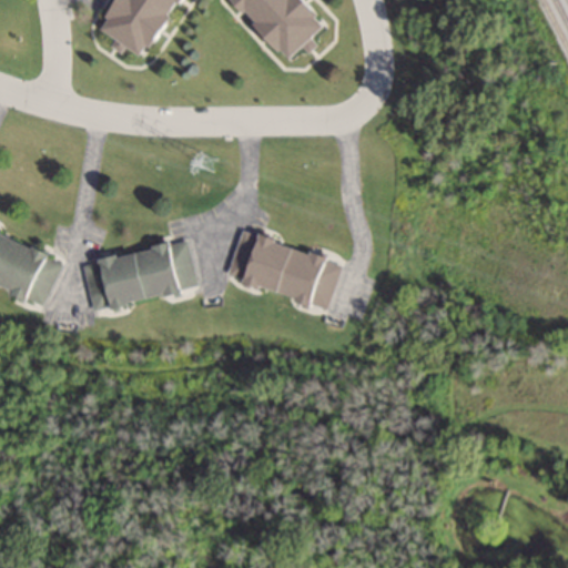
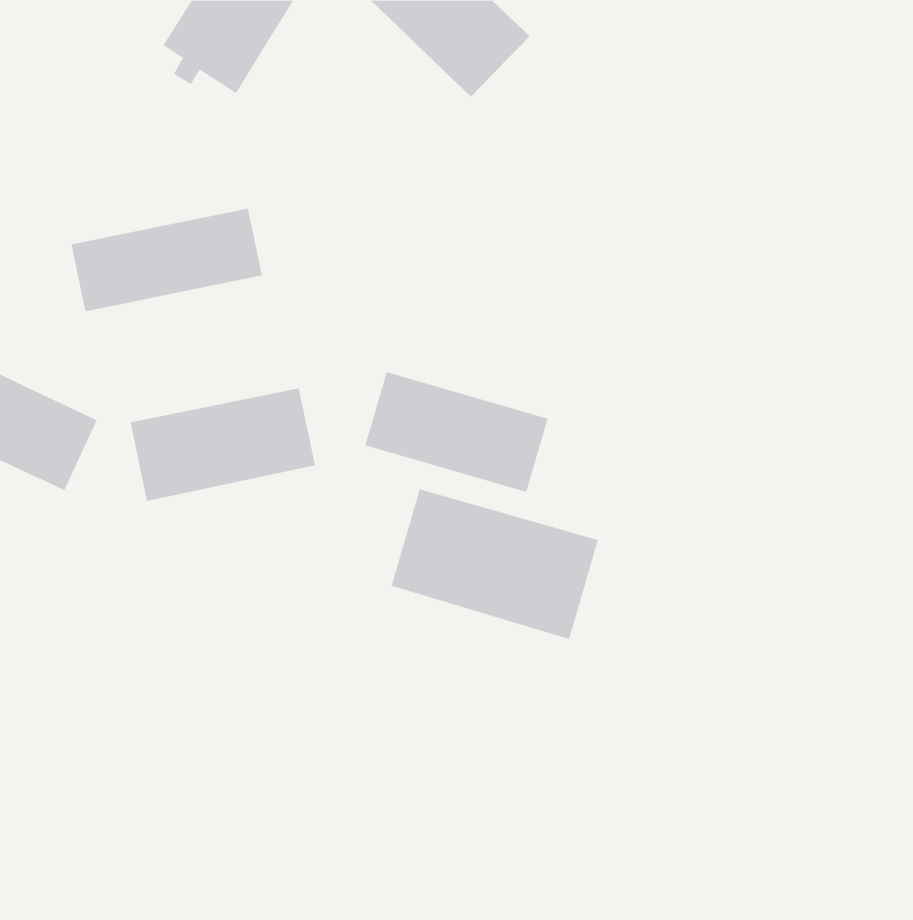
building: none -> [71,208,262,312]
building: none -> [391,488,598,640]

